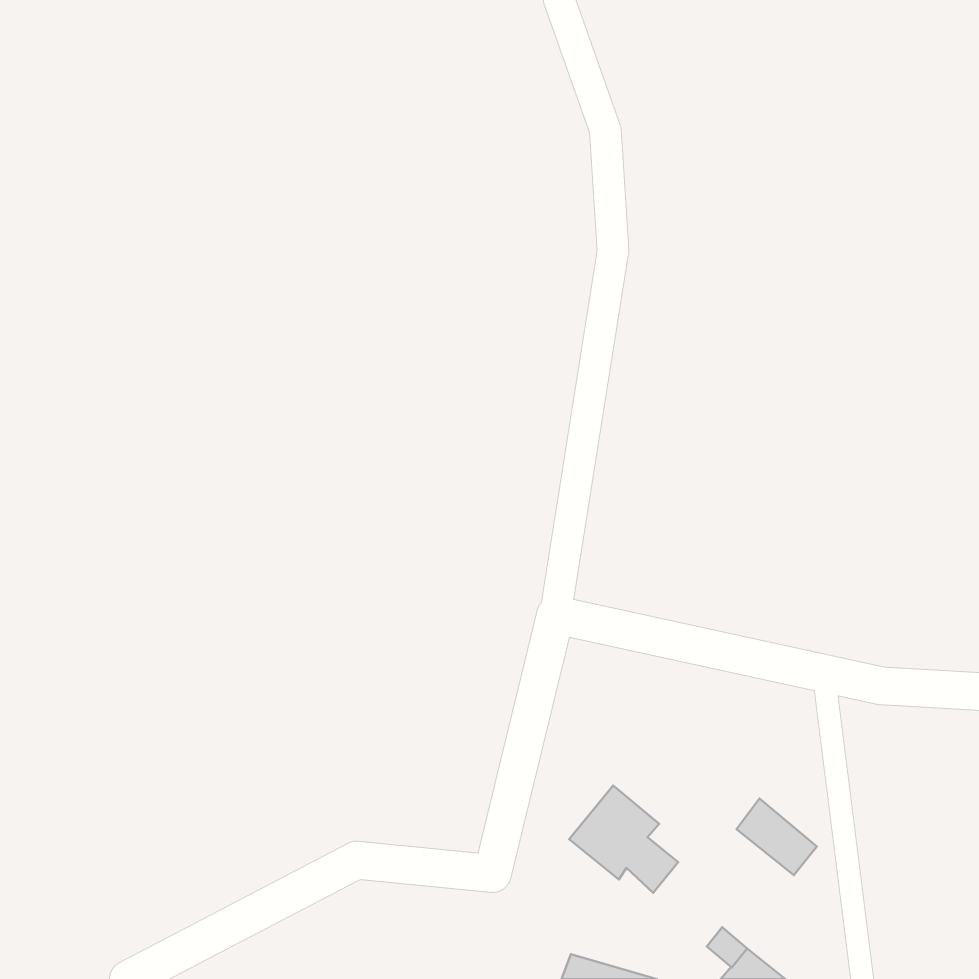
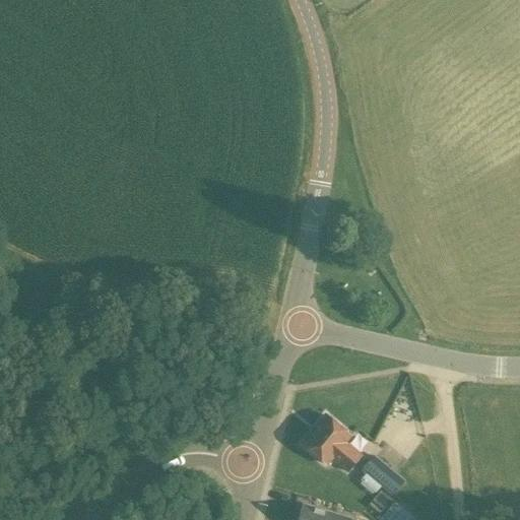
building: [736,798,817,875] -> [363,456,405,497]

